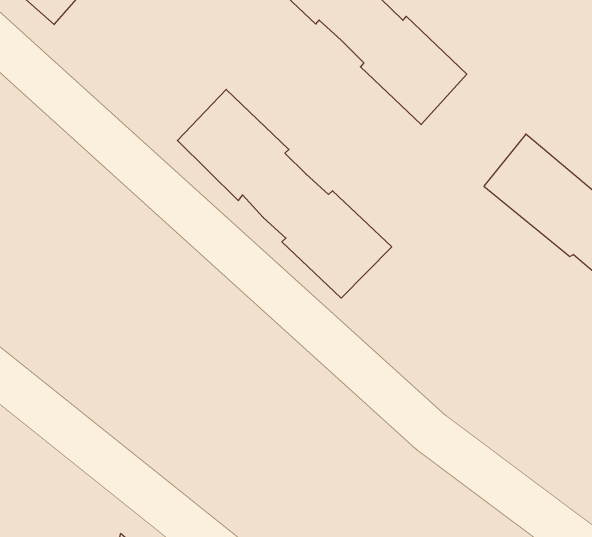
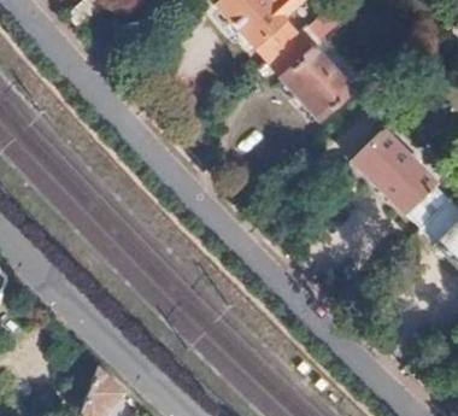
building: [177,89,392,298] -> none

